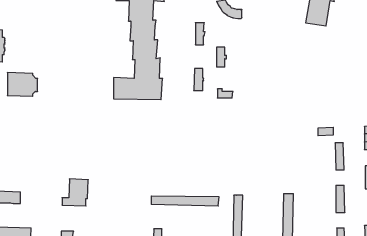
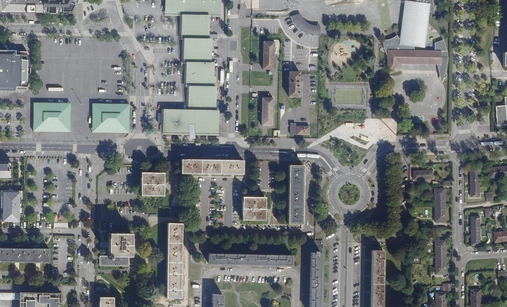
building: none -> [387,40,448,79]
building: none -> [92,104,129,133]
building: none -> [181,159,243,174]
building: none -> [288,165,303,224]
building: none -> [141,173,164,196]
building: none -> [242,197,265,220]
building: none -> [166,223,181,298]

